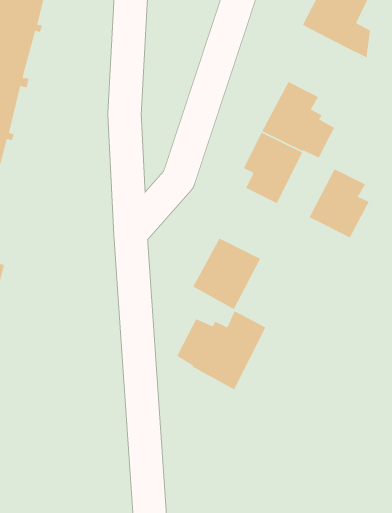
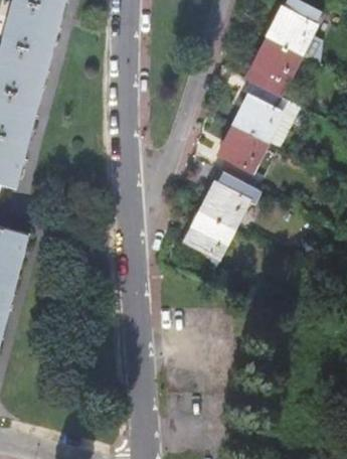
building: none -> [243,36,303,95]
building: [308,168,370,238] -> [200,169,250,226]
building: [176,310,267,390] -> none

